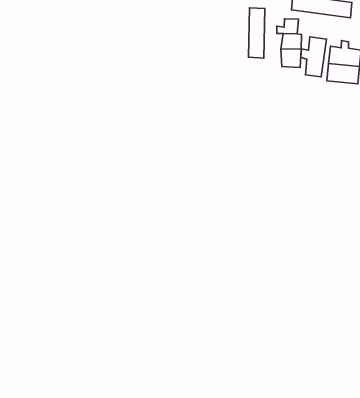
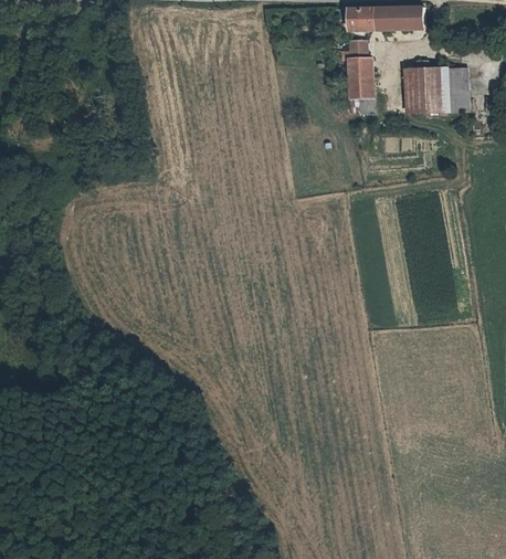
building: [249,8,265,58] -> none
building: [301,37,327,77] -> none

